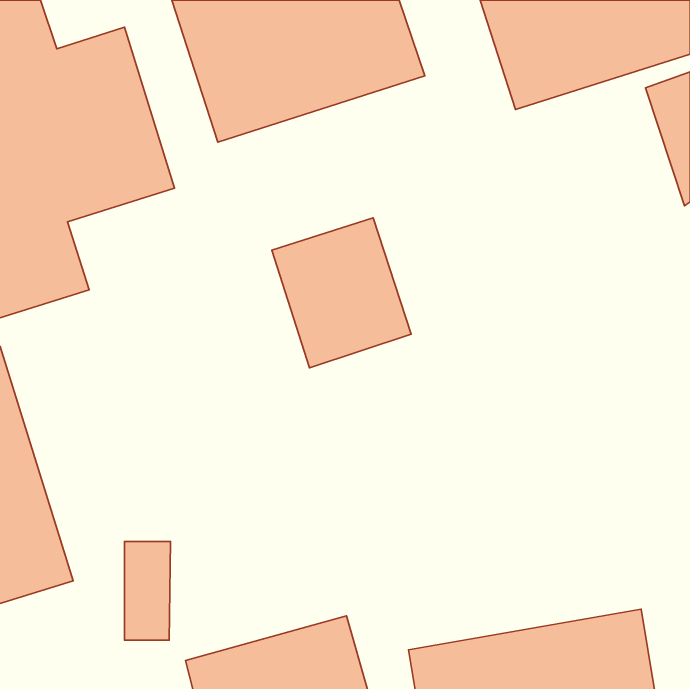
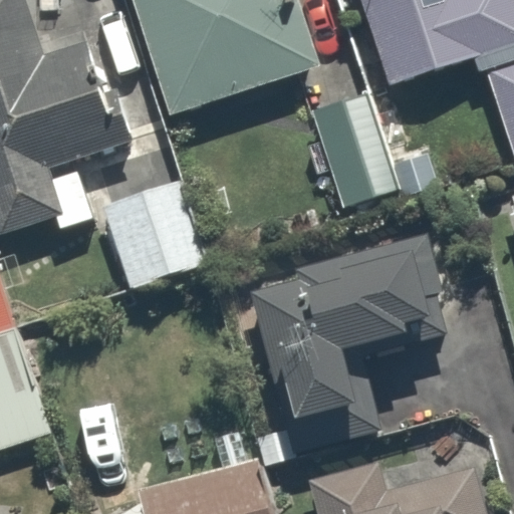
building: none -> [307,75,411,217]
building: [272,218,411,368] -> [101,170,205,281]
building: none -> [247,248,446,408]

